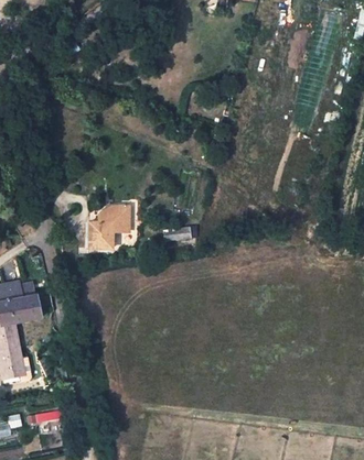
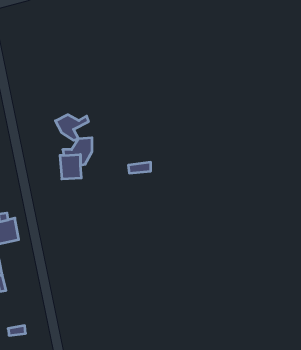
building: none -> [55,115,88,140]

